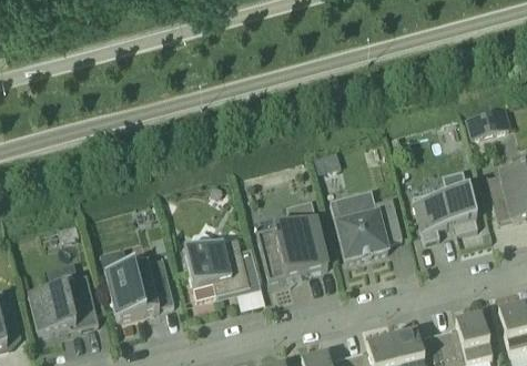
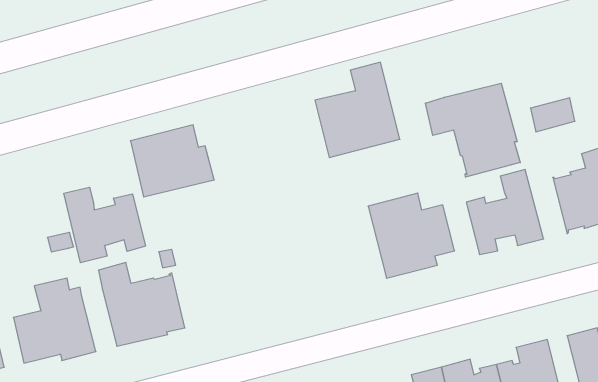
building: none -> [425,83,520,177]
building: none -> [64,187,146,263]
building: [256,203,328,284] -> [315,62,400,158]
building: [184,241,255,302] -> [130,125,214,197]

